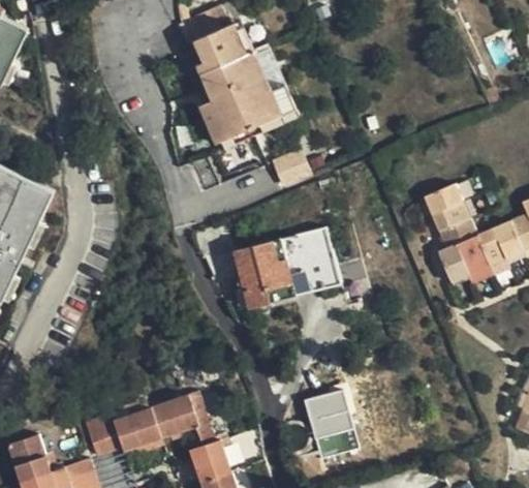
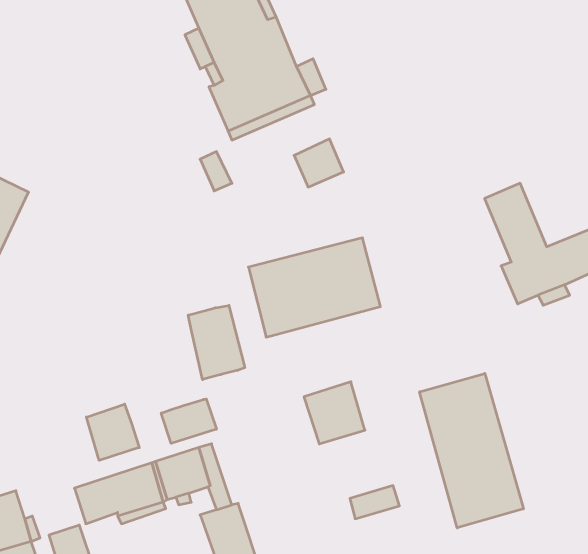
building: none -> [188,305,245,380]
building: none -> [420,373,523,528]
building: none -> [161,399,216,443]
building: none -> [86,404,139,460]
building: [300,387,349,437] -> [304,382,365,444]

